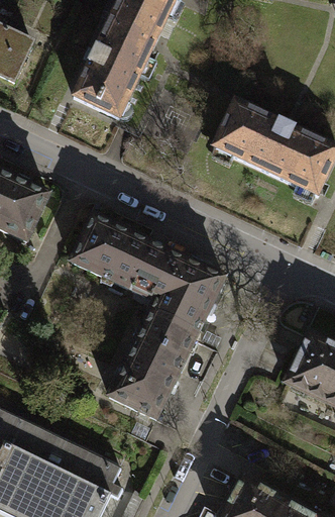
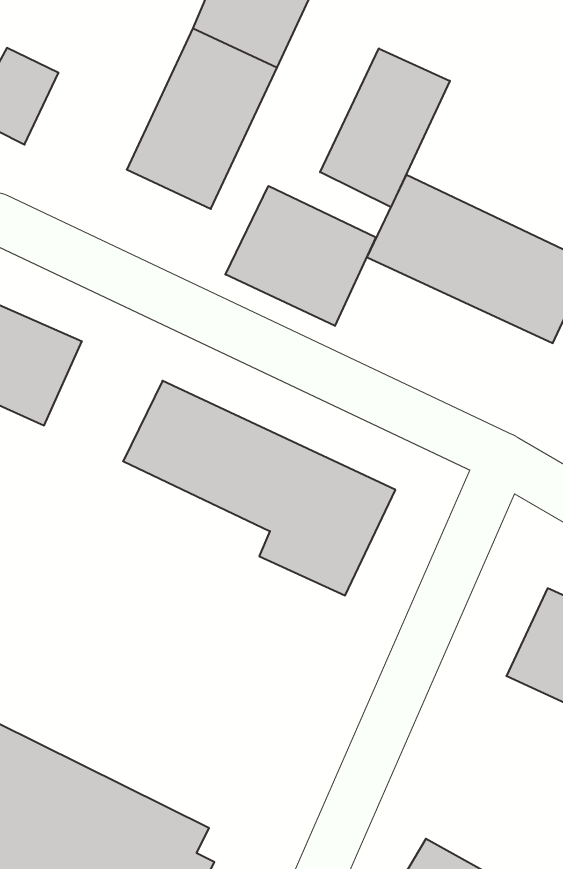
building: none -> [320,48,450,207]
building: none -> [225,186,376,326]
building: [109,315,196,418] -> none

